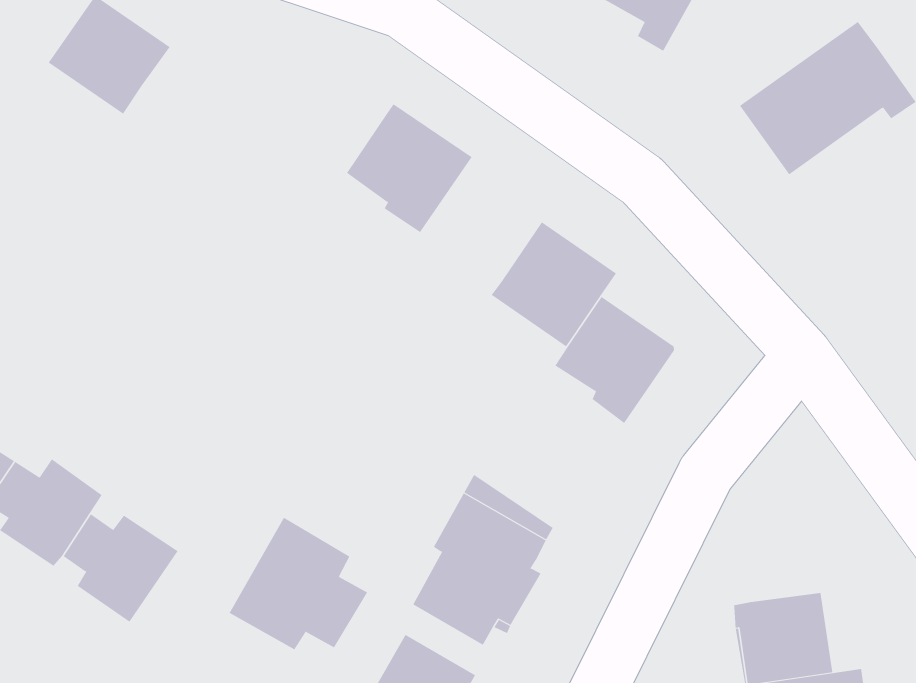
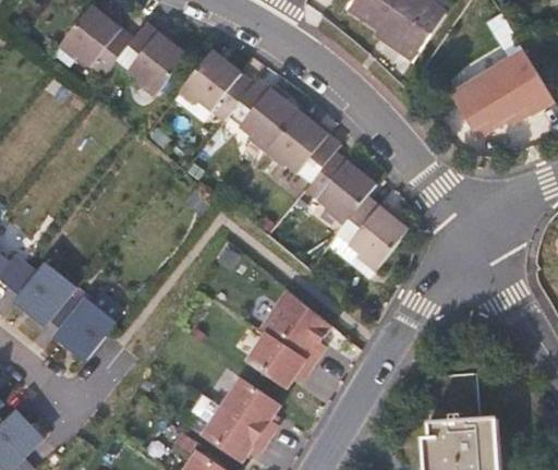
building: none -> [116,21,186,97]
building: none -> [180,51,252,122]
building: none -> [266,112,340,183]
building: [229,517,368,650] -> none

